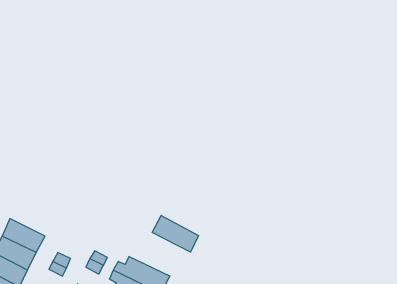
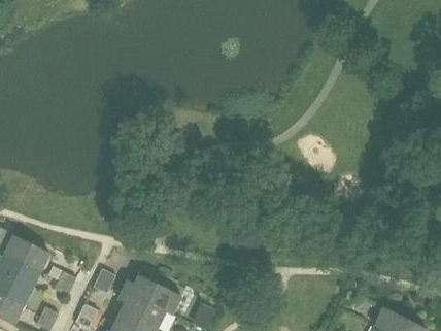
building: [152,215,199,252] -> none

